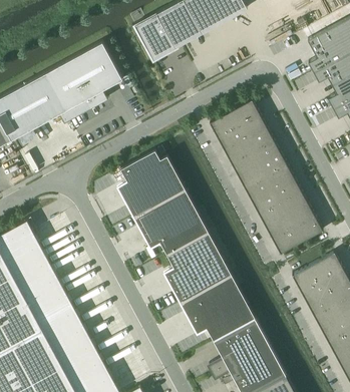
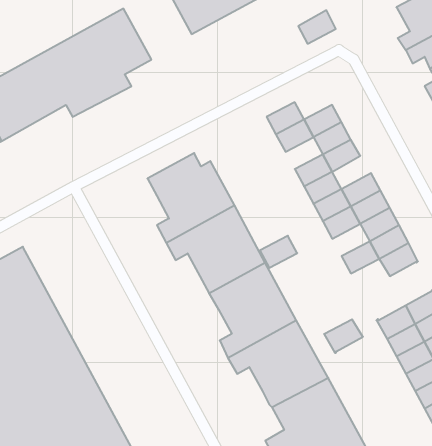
building: [231,100,259,125] -> [298,10,336,44]
building: [224,138,252,162] -> none
building: [259,152,288,177] -> none
building: [259,204,287,228] -> [260,236,297,268]
building: [273,230,302,255] -> [324,319,363,353]

